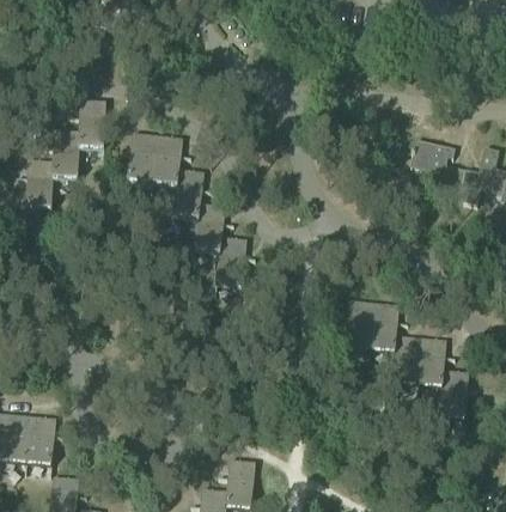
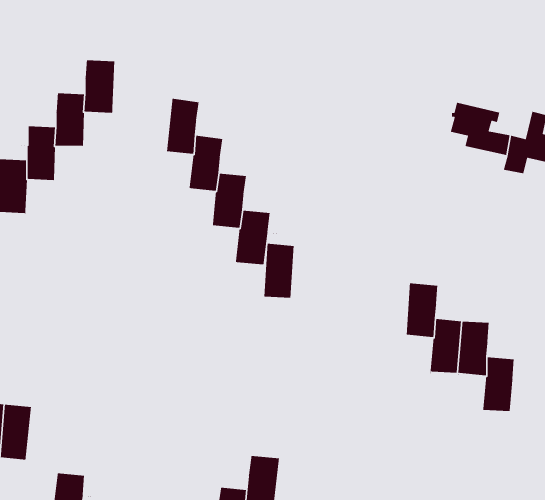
building: [126,133,158,193] -> none
building: [345,300,373,360] -> [263,243,295,309]
building: [25,415,65,475] -> none

